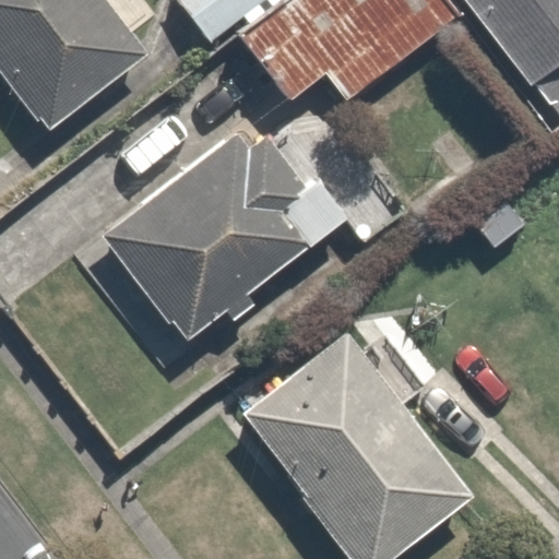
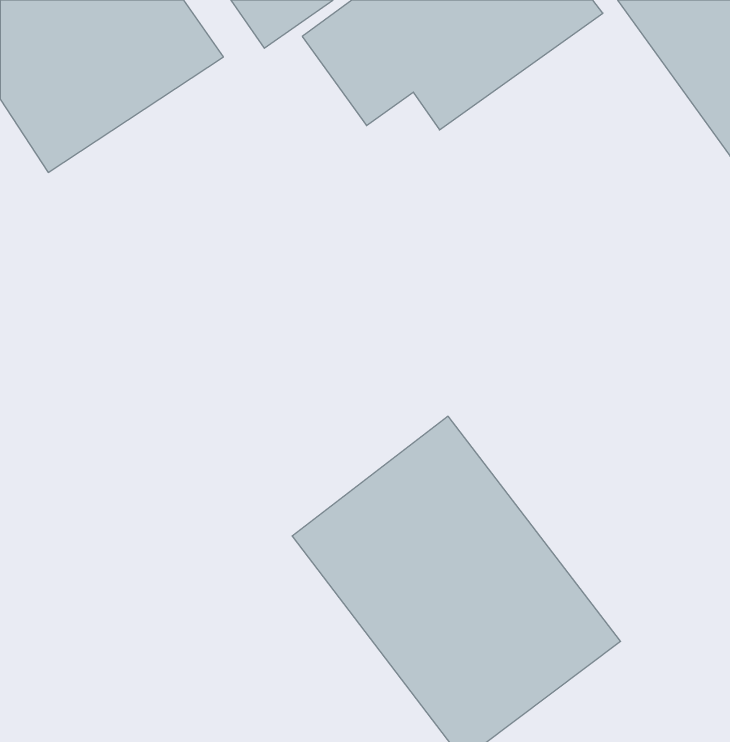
building: [109,131,318,335] -> none

